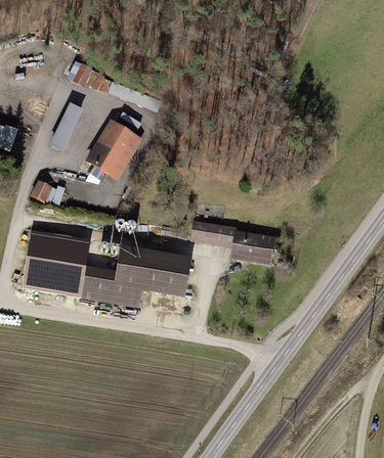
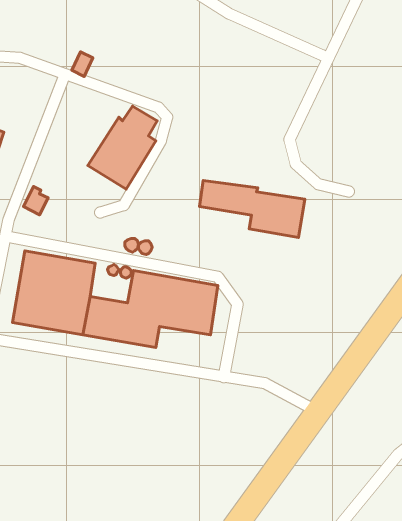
building: [48,101,82,148] -> none
building: [188,220,275,267] -> [200,181,305,237]

